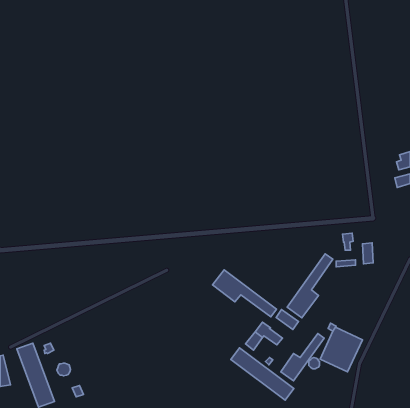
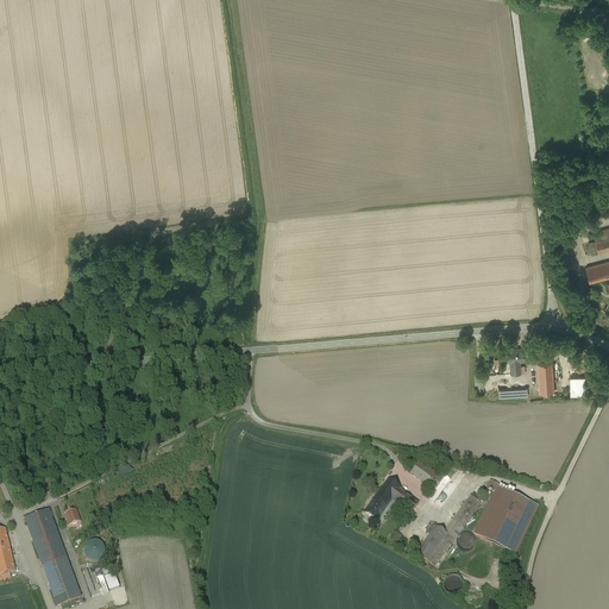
building: [287,254,333,318] -> none
building: [212,270,277,317] -> none
building: [231,348,294,400] -> none

